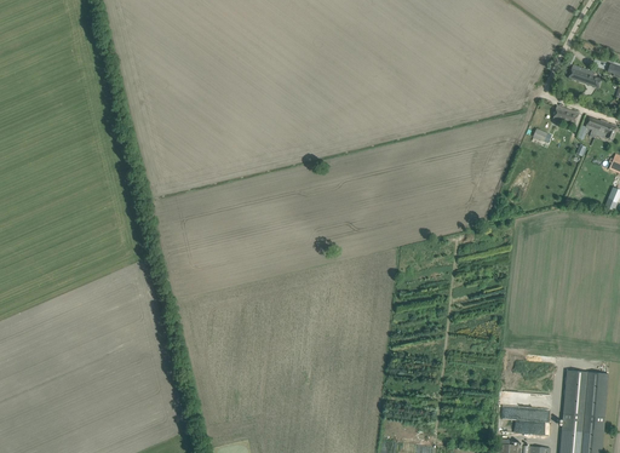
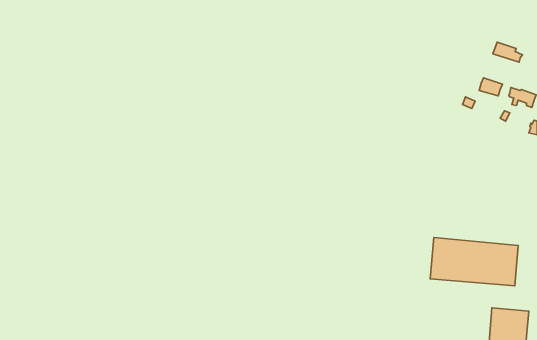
building: none -> [430,237,518,286]

